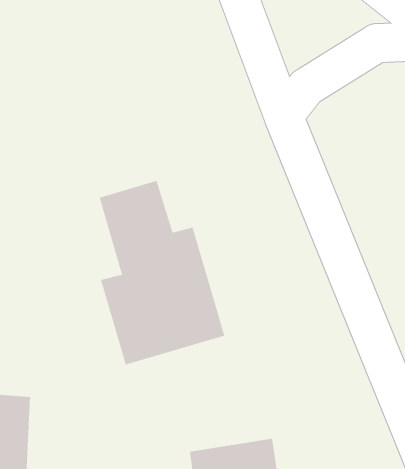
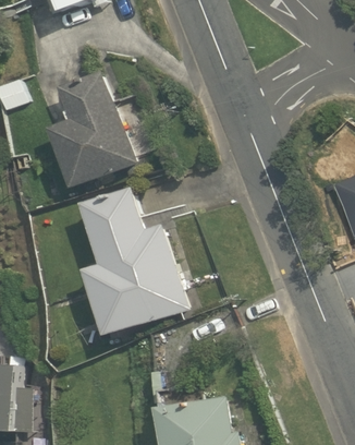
building: none -> [51,76,131,185]

